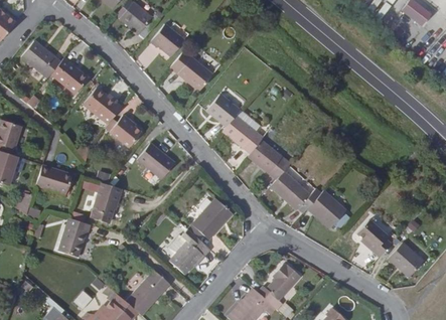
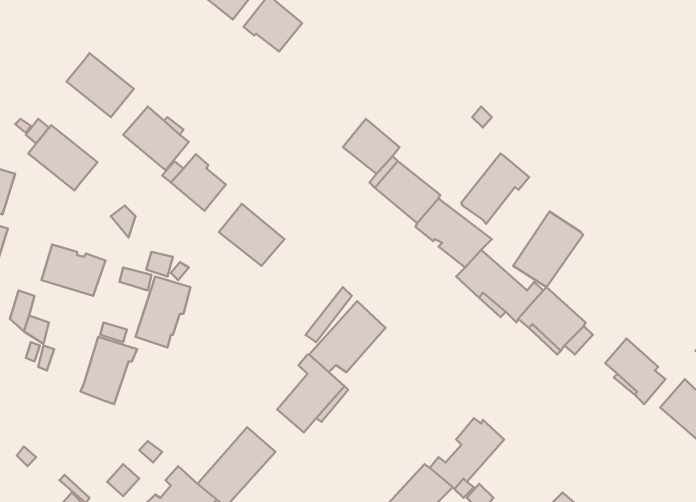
building: [22,40,61,77] -> [28,125,97,191]
building: [171,50,213,90] -> none
building: none -> [461,154,529,224]
building: none -> [513,212,583,287]

